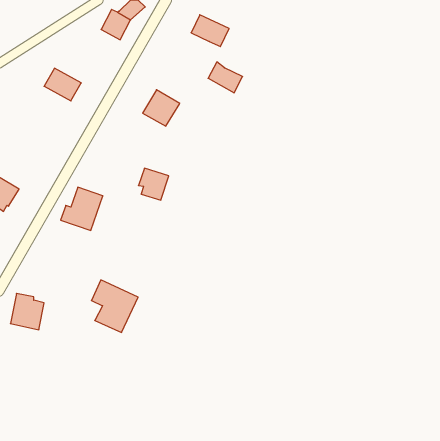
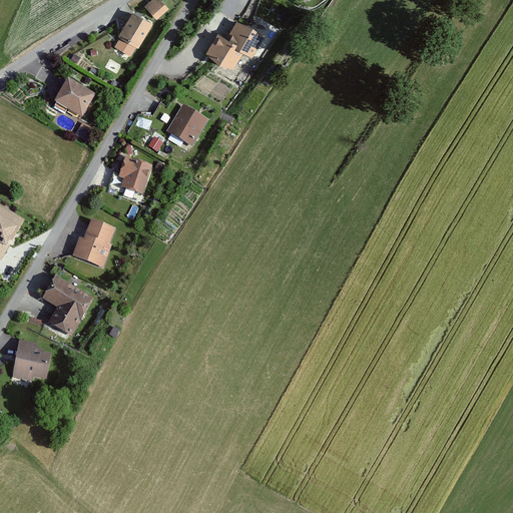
building: [208,62,243,93] -> [202,31,242,67]
building: [138,168,169,200] -> [116,156,151,193]
building: [91,280,138,332] -> [41,276,95,337]

